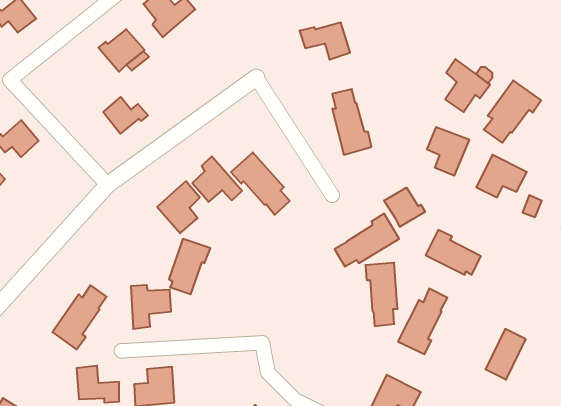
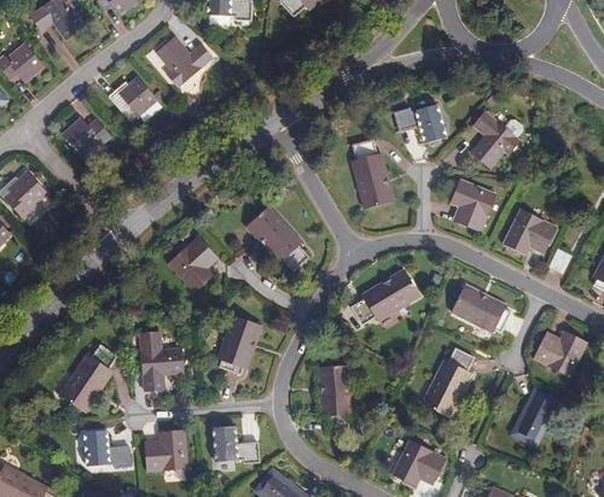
building: [299,23,350,60] -> [391,104,445,142]
building: [484,80,541,143] -> none
building: [103,97,148,134] -> [60,116,108,154]
building: [192,156,242,202] -> none
building: [384,188,425,227] -> none
building: [169,239,210,294] -> [217,315,261,373]
building: [365,263,398,326] -> [320,367,354,433]
building: none -> [534,333,586,378]
building: none -> [213,426,259,463]

